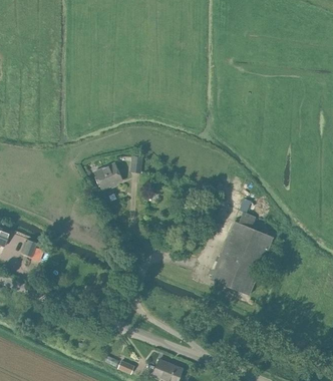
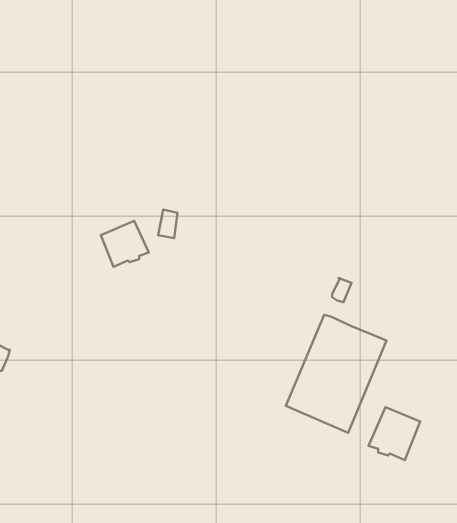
building: none -> [368,407,420,460]

